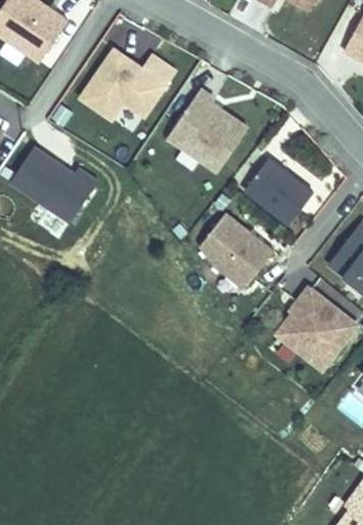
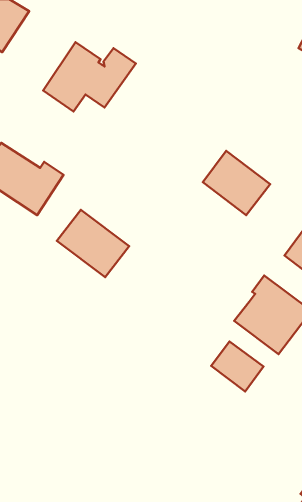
building: [167,88,247,169] -> none
building: [199,212,273,281] -> [57,210,129,277]
building: none -> [211,342,263,391]

